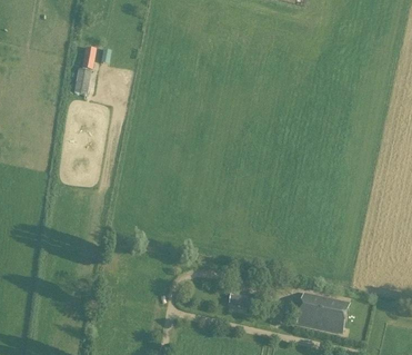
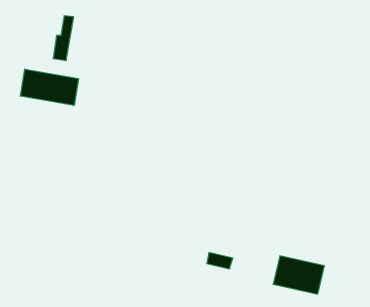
building: none -> [20,69,78,106]

